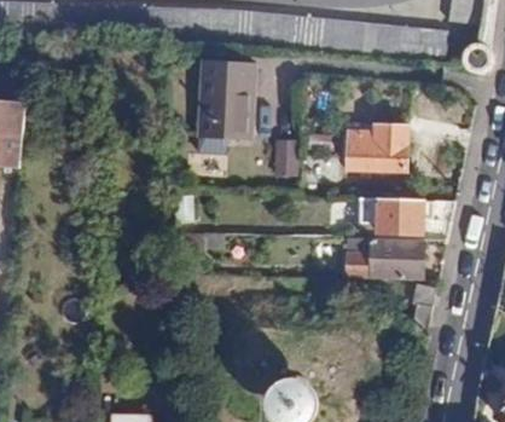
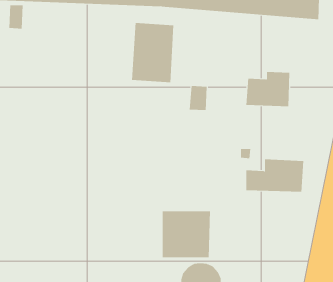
building: [360,200,425,236] -> none
building: none -> [162,211,210,258]

